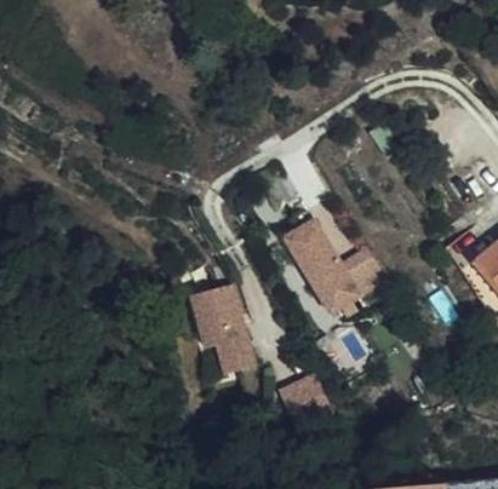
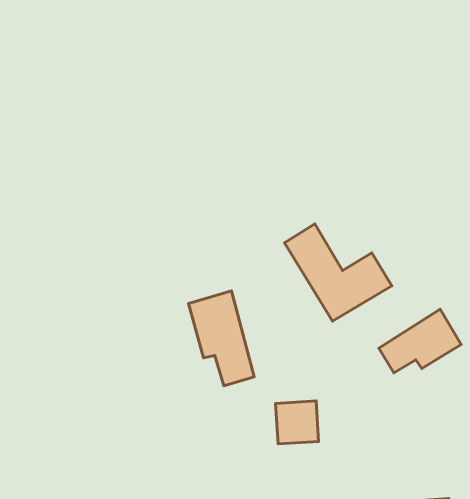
building: none -> [379,309,461,373]

